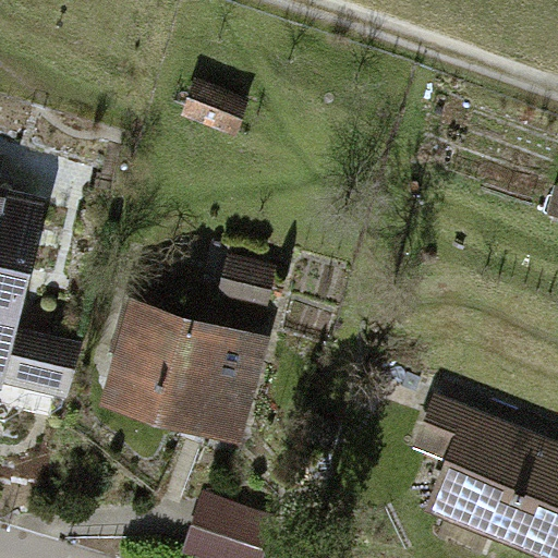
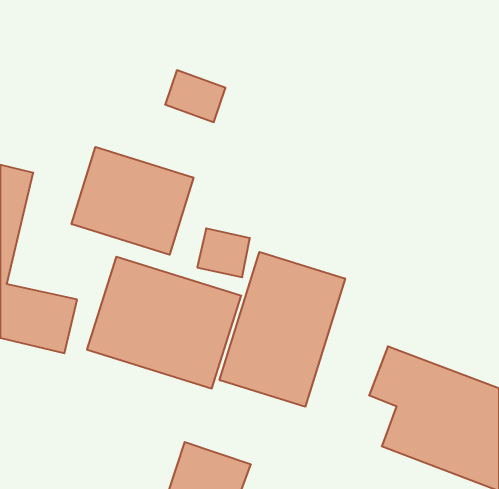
building: none -> [72,147,193,255]
building: none -> [220,252,345,407]

